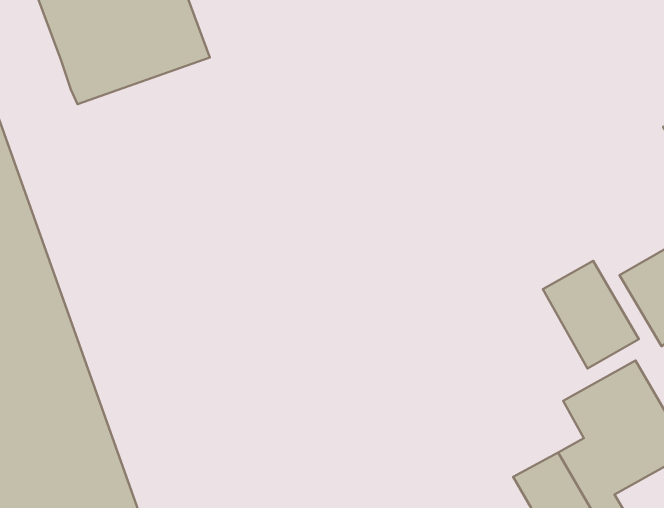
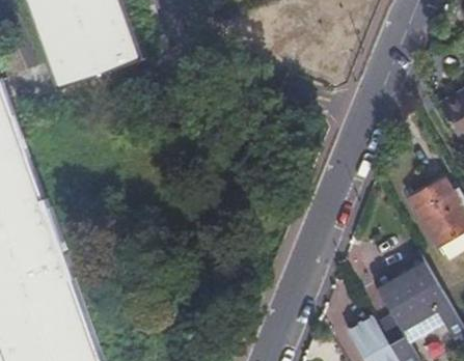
building: [543,261,639,369] -> none

